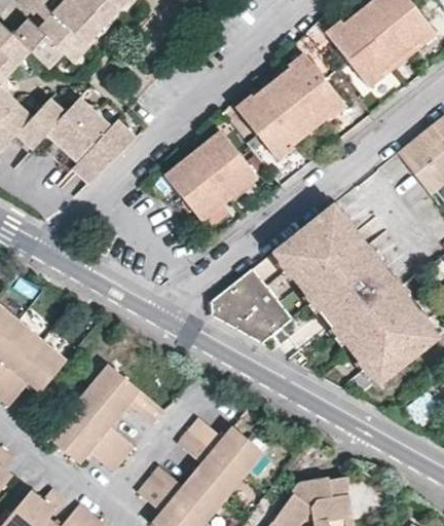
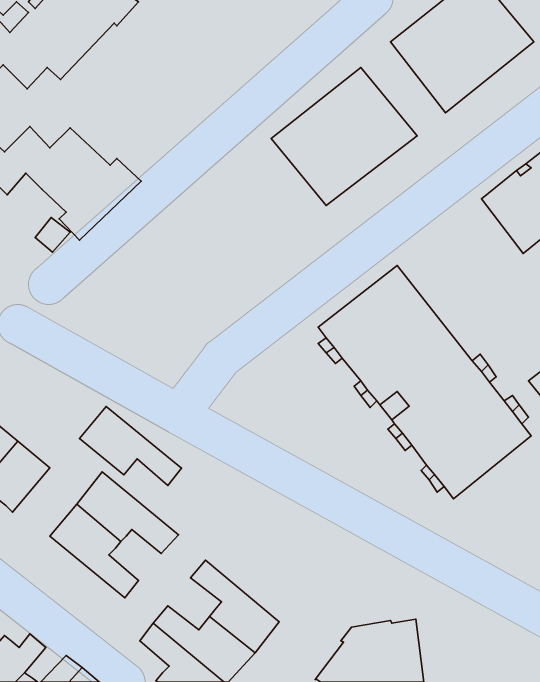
building: [165,129,259,221] -> none
building: [209,268,292,343] -> none
building: [46,412,124,473] -> [80,407,181,486]
building: [186,417,264,478] -> none

